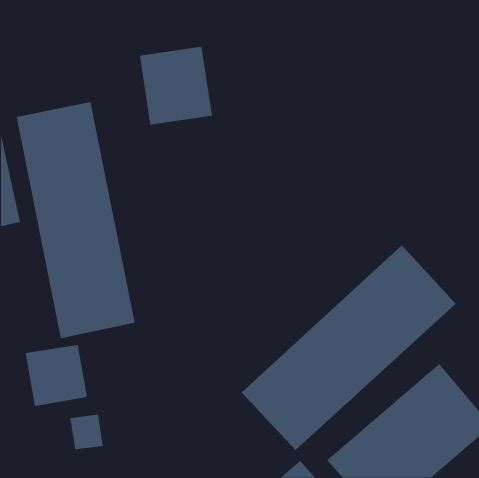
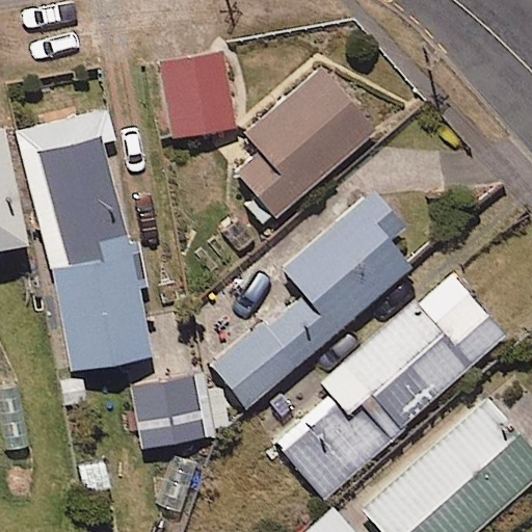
building: none -> [238,69,377,216]
building: none -> [212,190,410,409]
building: [25,344,88,407] -> [134,379,204,448]

